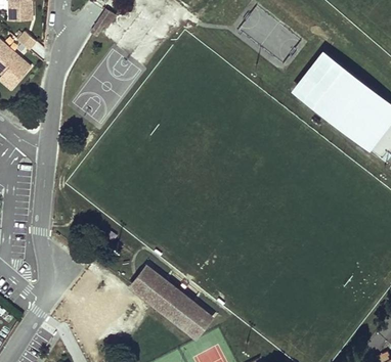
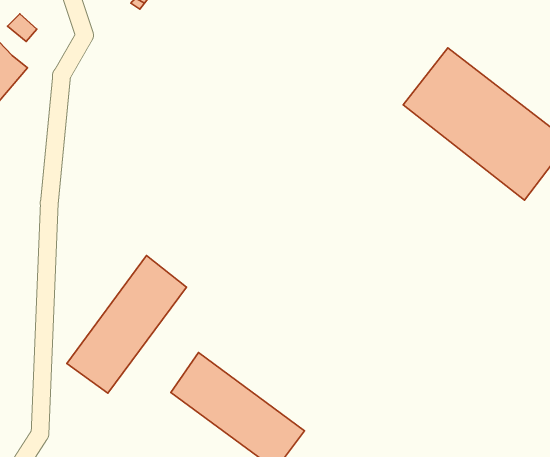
building: none -> [67,256,187,393]

